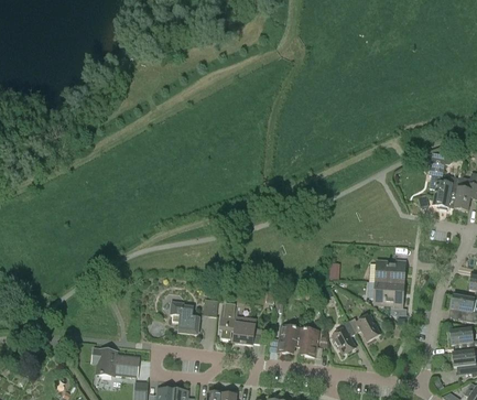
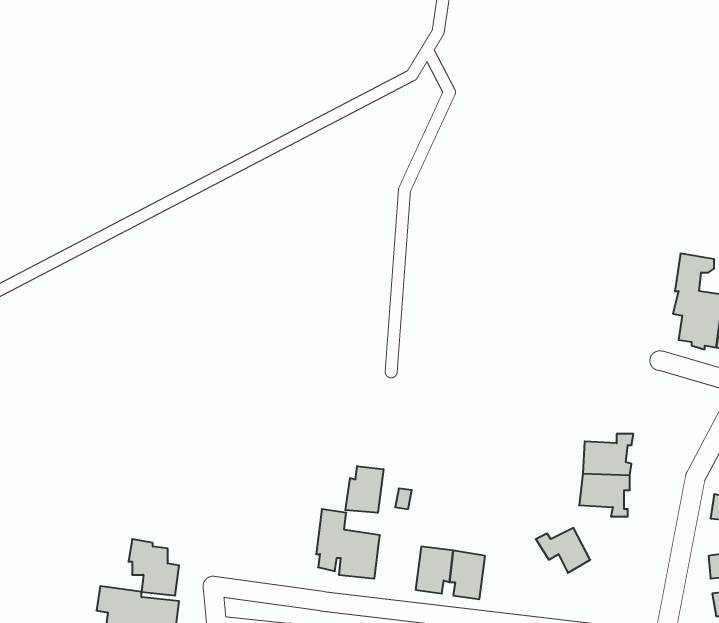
building: none -> [345,466,383,513]
building: [170,301,199,334] -> [128,539,179,595]
building: [332,321,356,354] -> none

